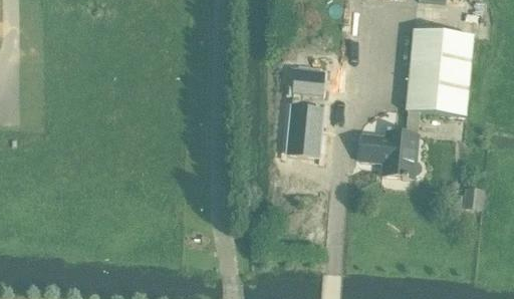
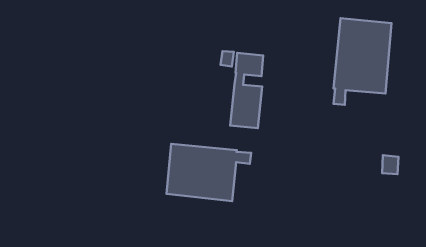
building: [360,126,422,177] -> none
building: none -> [166,144,251,201]

